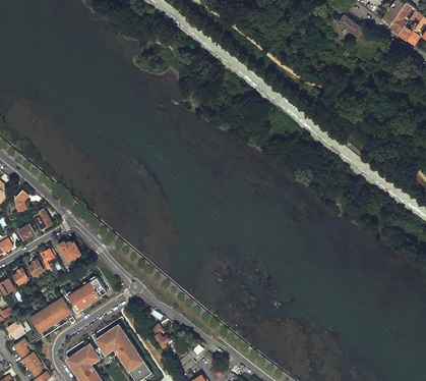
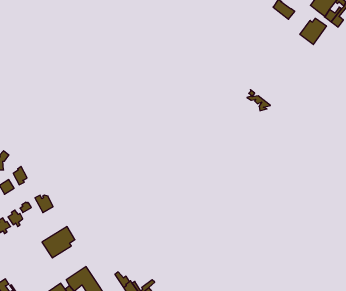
building: none -> [300,18,326,45]
building: [29,298,71,334] -> none

